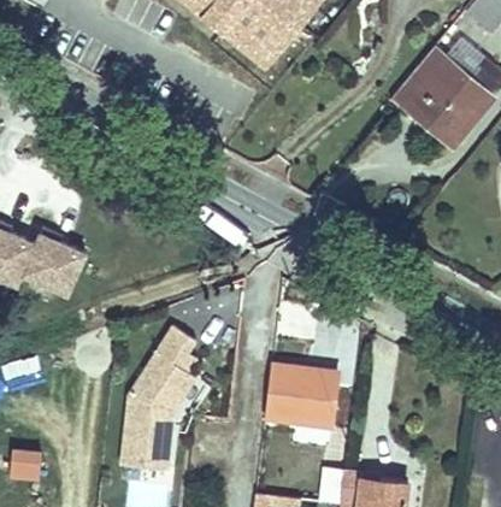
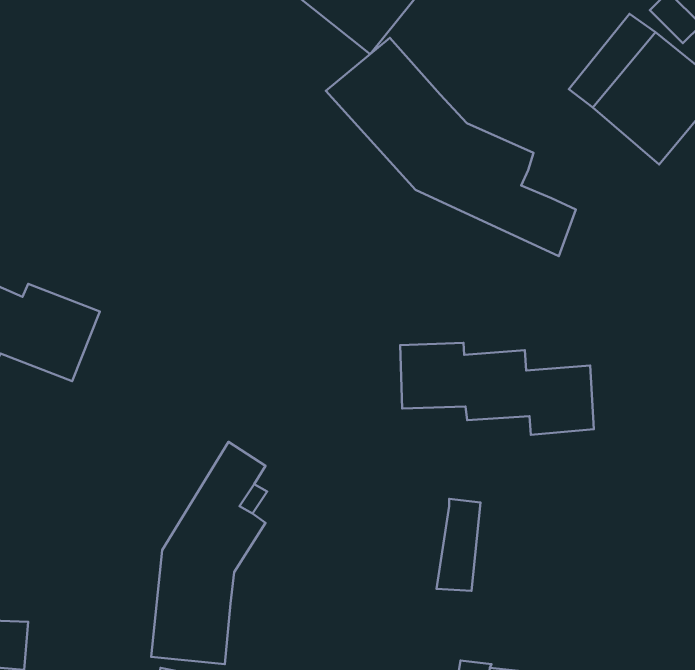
building: none -> [326,38,576,256]
building: none -> [400,343,594,435]
building: [266,364,317,424] -> none

